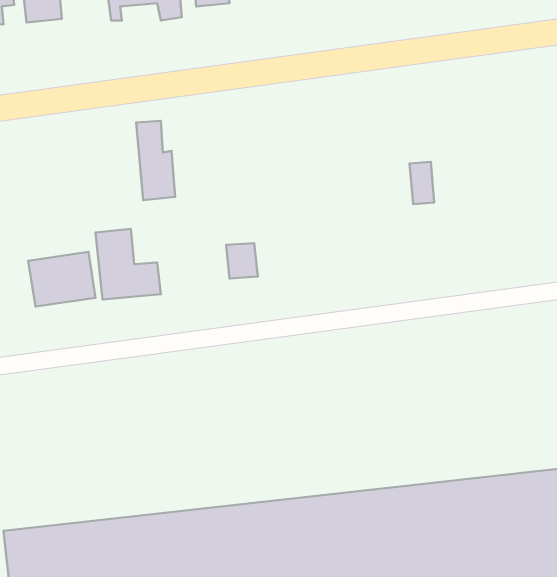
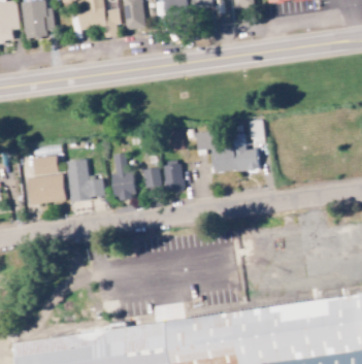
building: [136,121,175,200] -> [112,153,135,199]
building: none -> [196,130,259,172]
building: none -> [34,156,59,174]
building: none -> [164,163,185,191]

